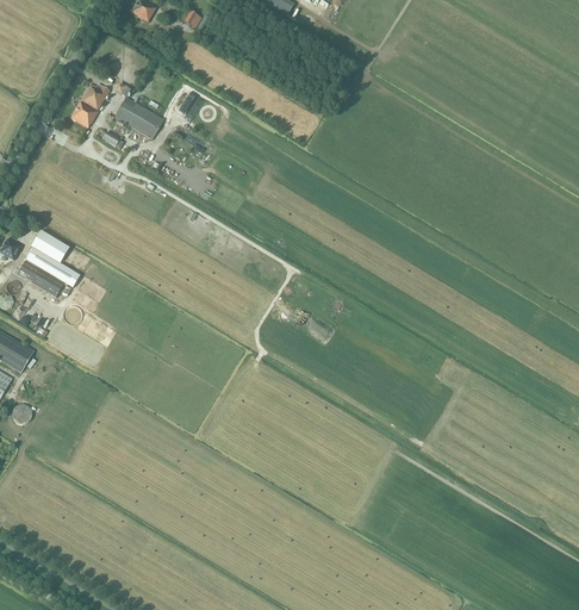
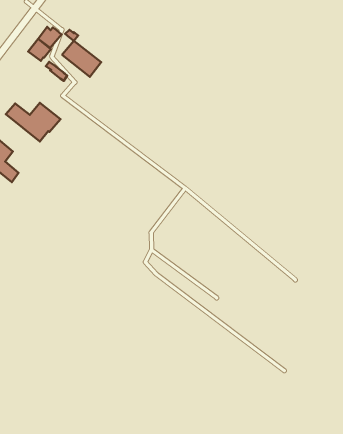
building: none -> [6,103,61,142]

